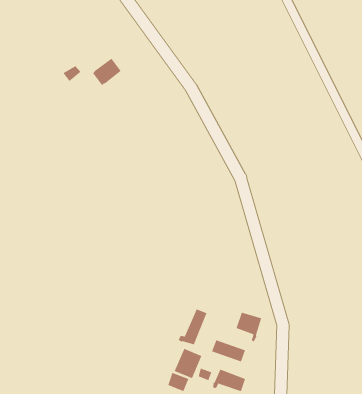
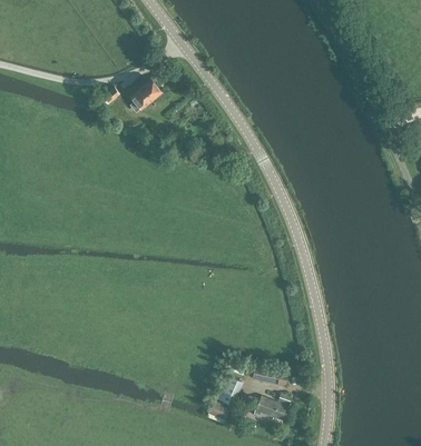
building: [178,308,207,345] -> none
building: [236,312,262,342] -> none

